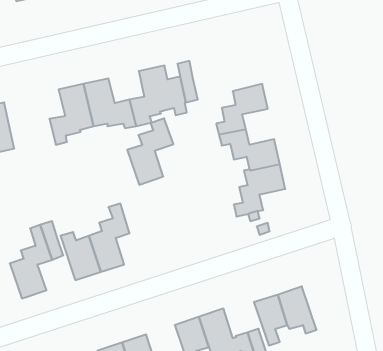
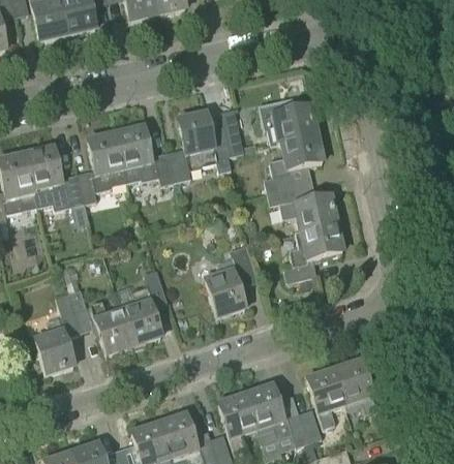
building: none -> [259,96,316,145]
building: none -> [27,148,85,209]
building: [127,118,173,185] -> [205,243,256,317]

